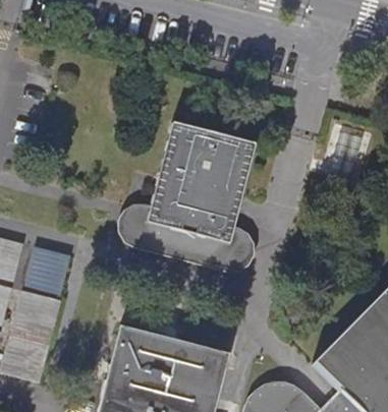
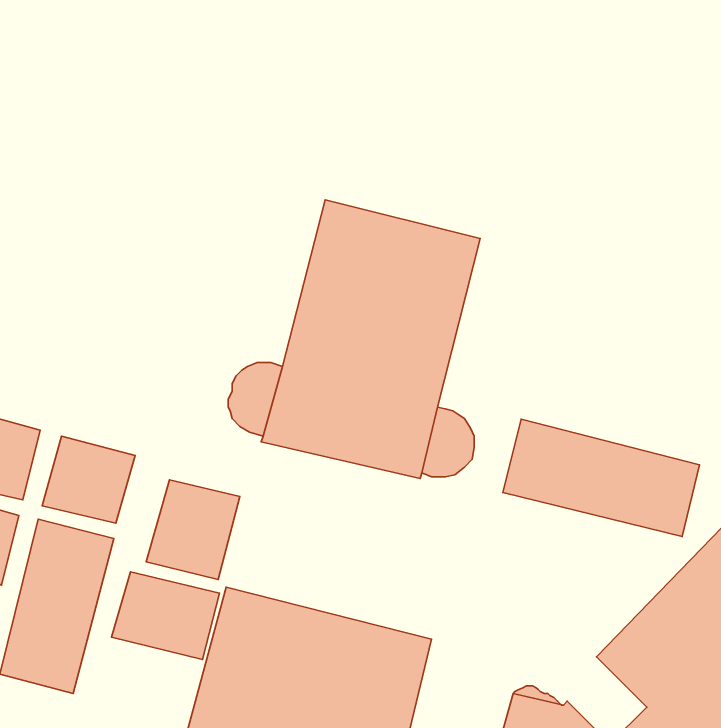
building: none -> [503,419,699,536]
building: none -> [146,480,240,580]
building: none -> [111,572,219,660]

